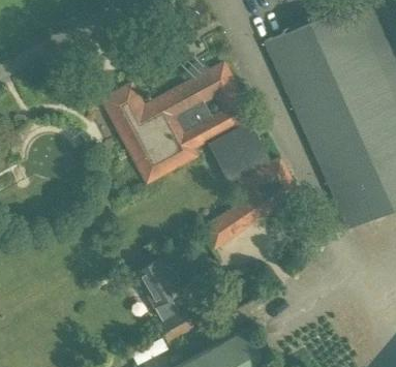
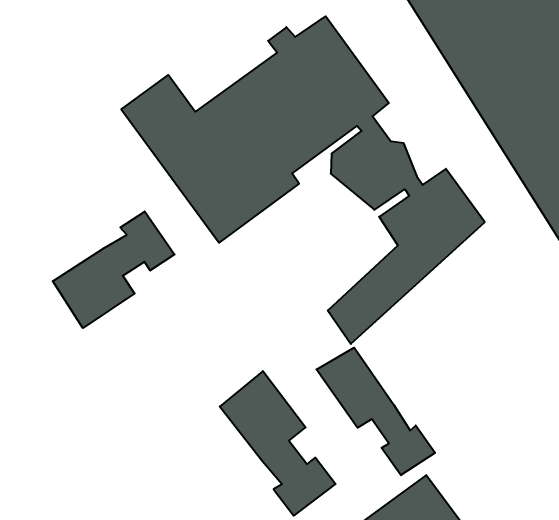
building: none -> [53,211,175,328]
building: none -> [316,348,435,475]

